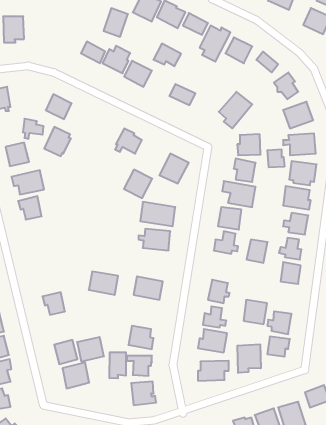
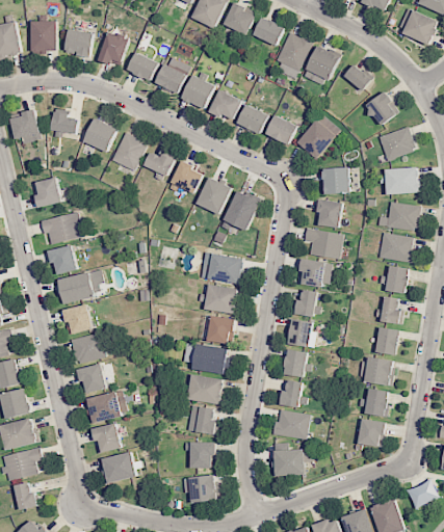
building: [104,8,128,37] -> [96,31,126,66]
building: none -> [63,32,93,57]
building: [153,44,181,66] -> [206,90,240,118]
building: none -> [265,116,295,142]
building: [23,119,44,139] -> [51,111,77,136]
building: none -> [143,154,175,178]
building: [44,127,71,156] -> [110,133,143,169]
building: [268,149,284,167] -> none
building: [124,170,152,198] -> [197,178,232,213]
building: none -> [57,274,94,303]
building: [247,240,268,263] -> [287,319,313,348]
building: none -> [63,305,92,334]
building: none -> [206,316,235,344]
building: none -> [70,334,105,365]
building: [89,272,118,295] -> [186,375,223,404]
building: [244,300,267,324] -> [364,357,393,388]
building: [77,337,104,361] -> [87,393,121,423]
building: [237,344,261,373] -> none
building: [110,352,126,378] -> none

